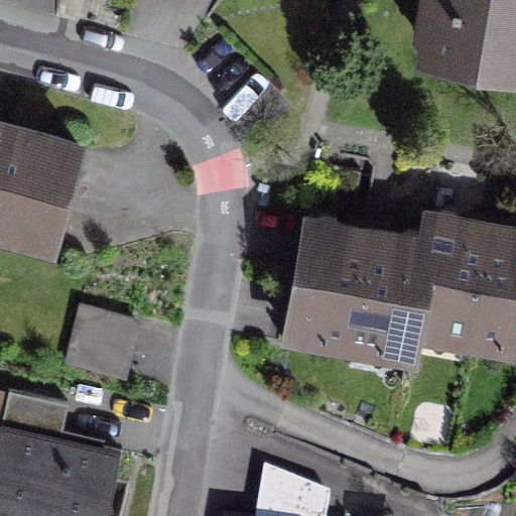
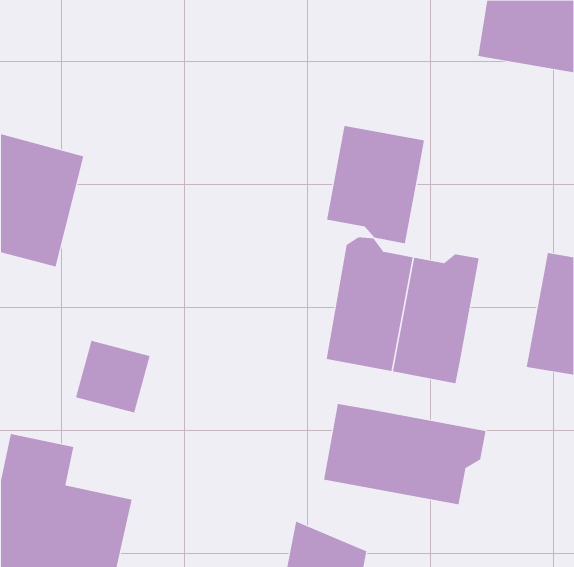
building: none -> [326,125,424,244]
building: [414,215,491,336] -> none
building: none -> [324,403,486,505]

